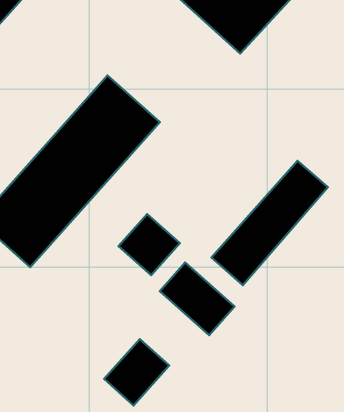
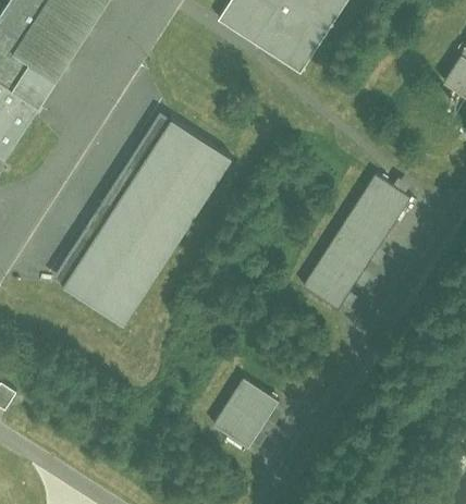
building: [119,214,180,275] -> none
building: [160,262,235,335] -> none

